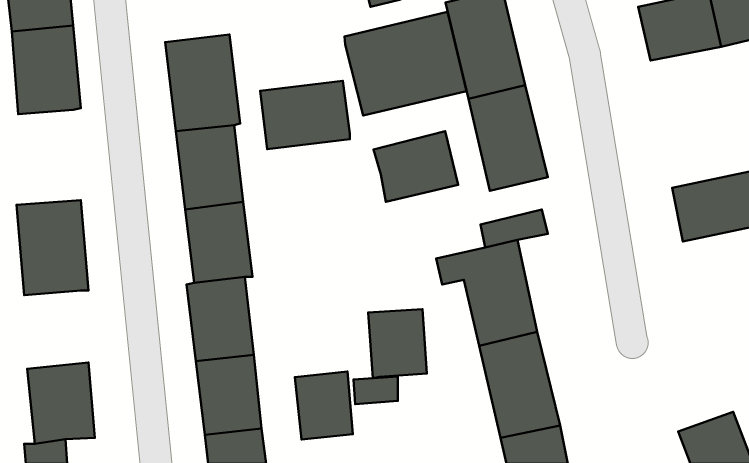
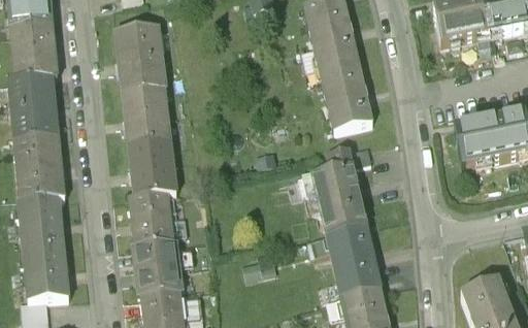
building: [344,12,466,116] -> none
building: [260,81,350,149] -> none
building: none -> [8,75,58,139]
building: [373,131,458,202] -> none
building: none -> [18,197,63,250]
building: [368,309,427,378] -> none
building: [295,372,353,439] -> none

